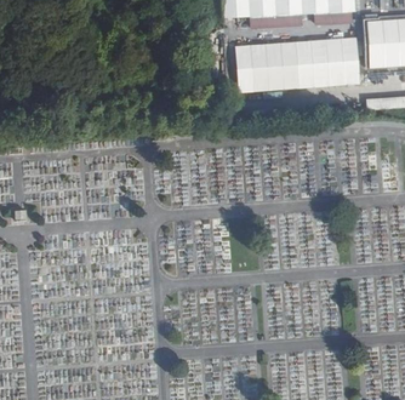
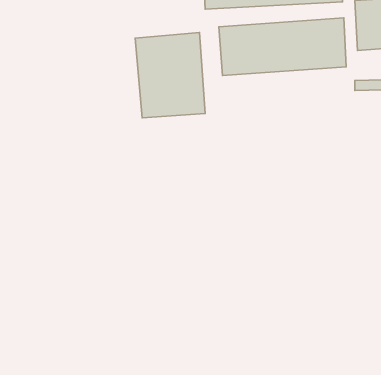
building: none -> [135,32,205,118]

